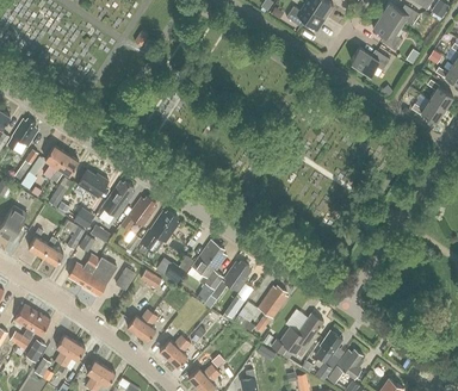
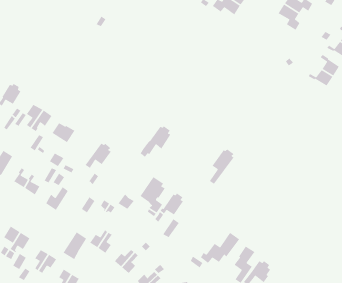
building: [351,48,390,75] -> none
building: [101,181,135,218] -> none
building: [137,210,179,253] -> [140,125,172,158]
building: [83,256,116,294] -> [63,231,87,260]
building: [254,285,287,333] -> [209,148,234,185]

